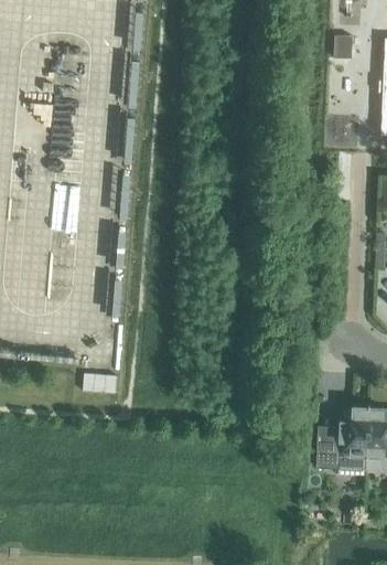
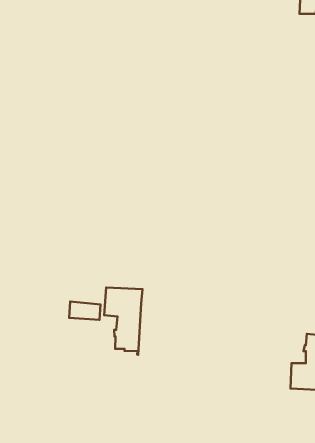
building: none -> [104,287,143,355]

